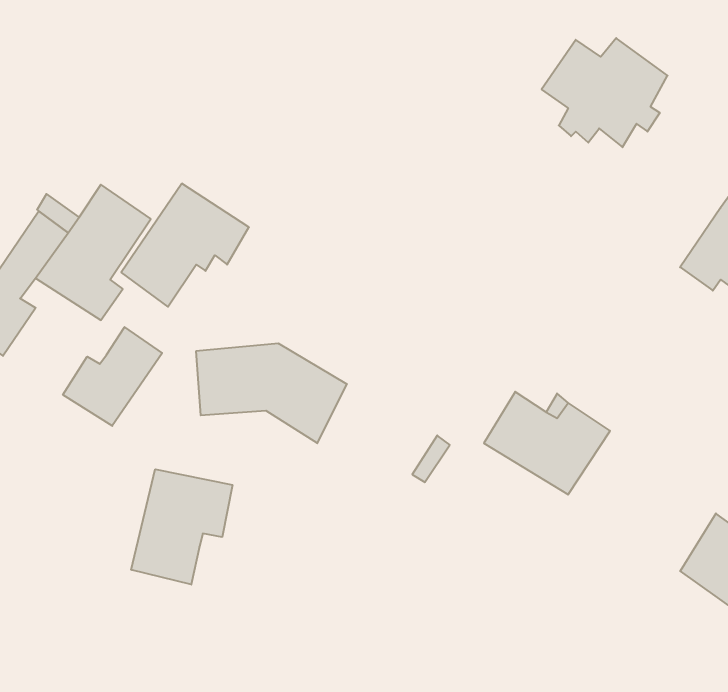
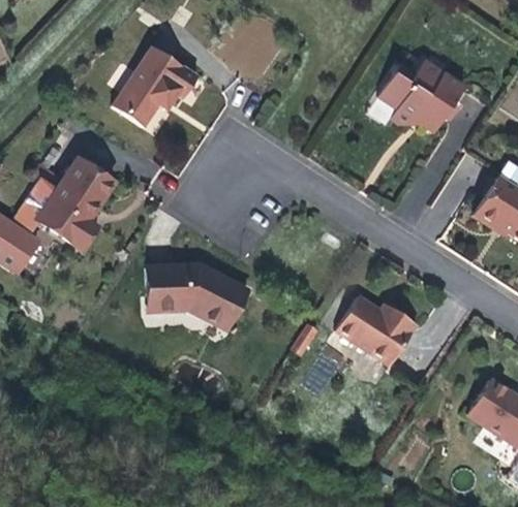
building: [121,184,249,307] -> [112,45,196,127]
building: [63,327,162,426] -> none
building: [131,469,232,585] -> none

